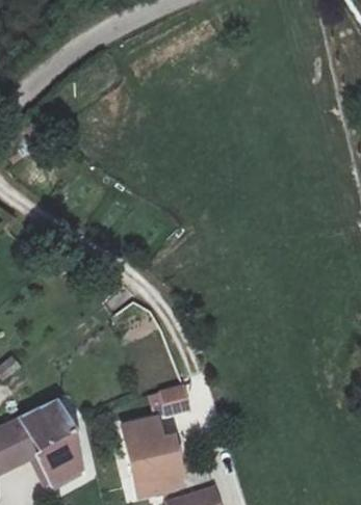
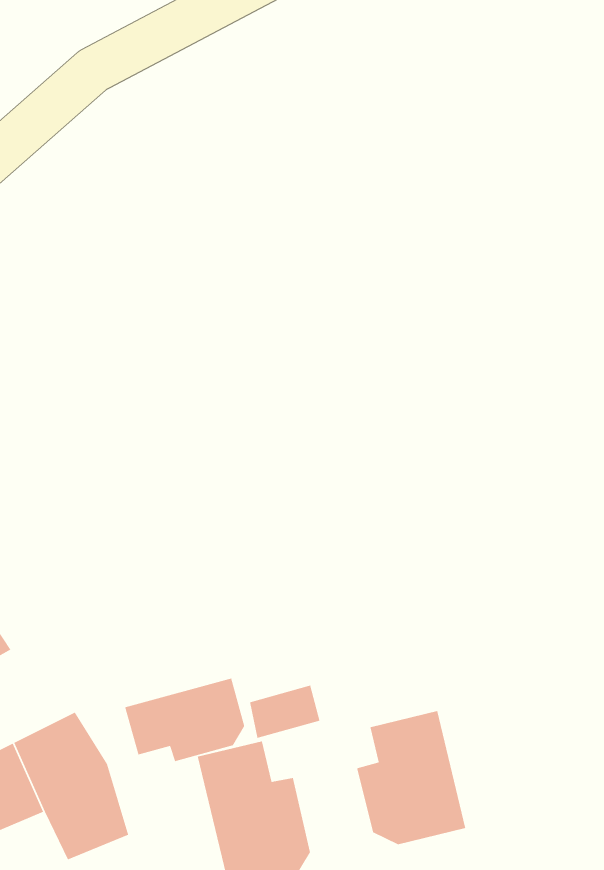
building: none -> [124,677,245,762]
building: none -> [356,710,466,845]

